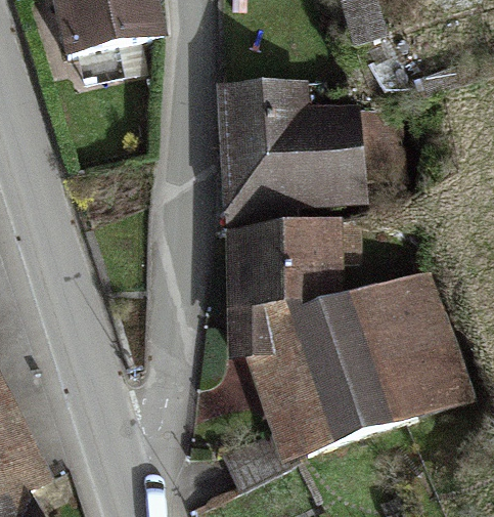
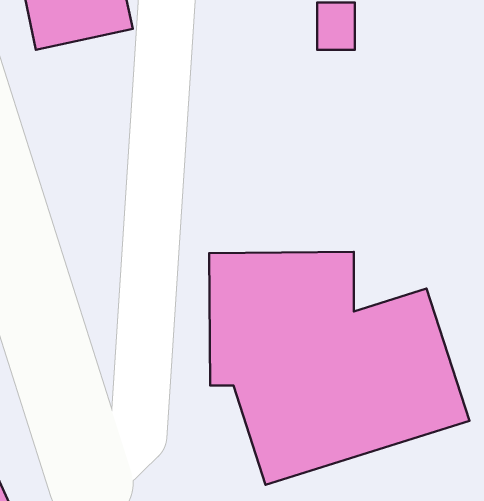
building: [220,87,362,207] -> none

